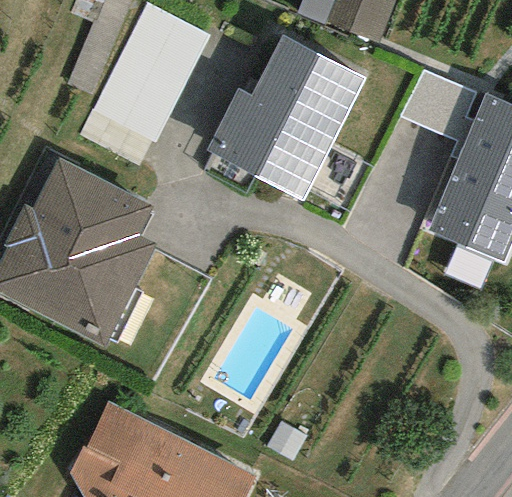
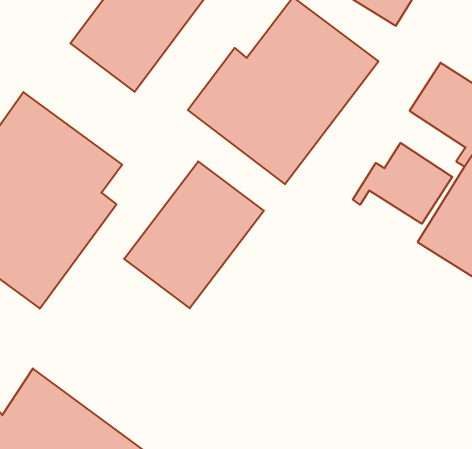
building: none -> [353,143,452,224]
building: none -> [124,161,264,308]

